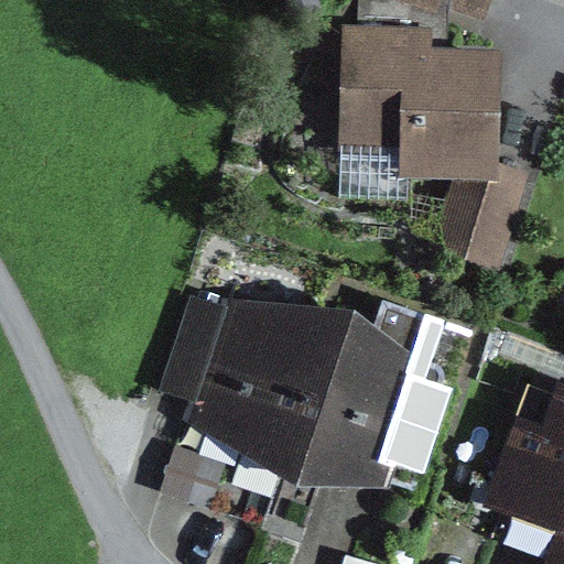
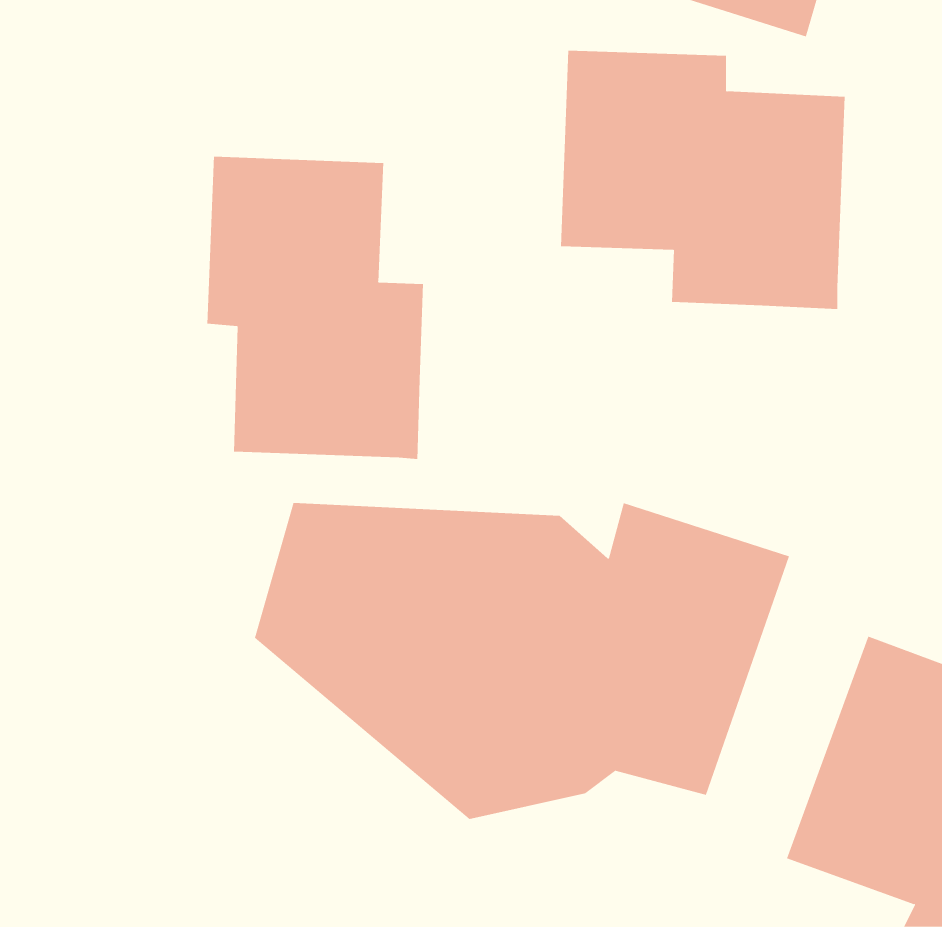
building: none -> [207,156,424,460]
building: [438,171,528,270] -> none

